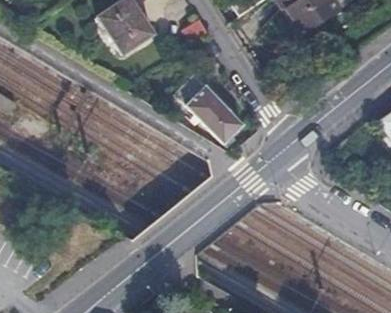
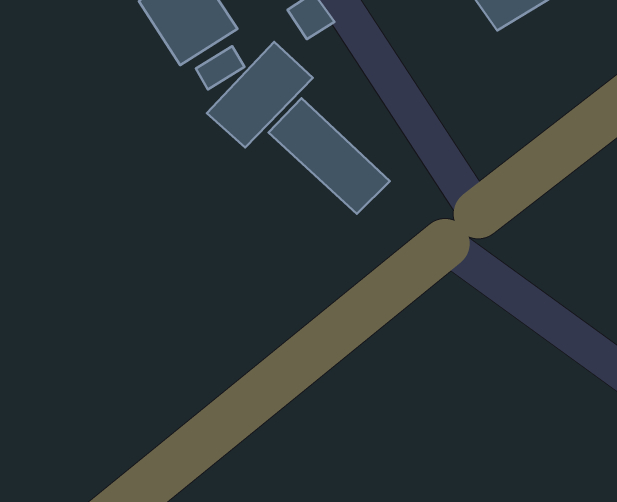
building: none -> [207,42,313,148]

